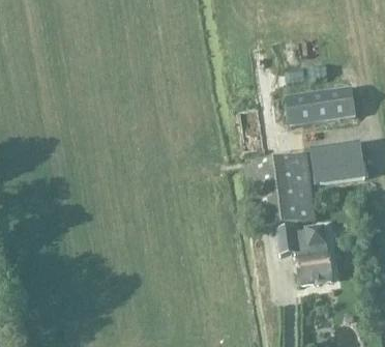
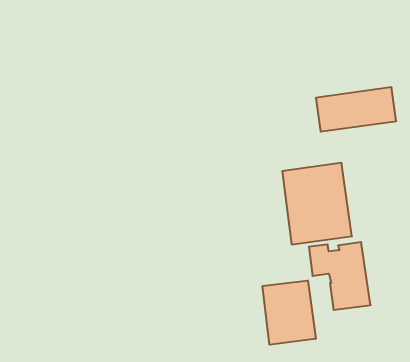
building: [314,148,352,179] -> none
building: none -> [263,280,316,345]

